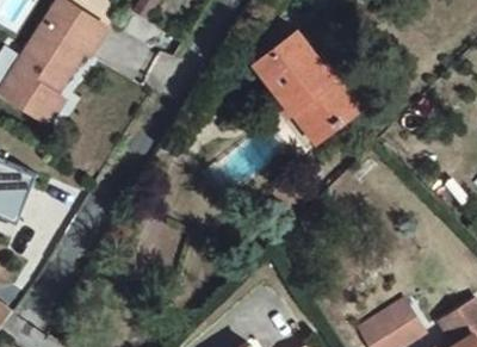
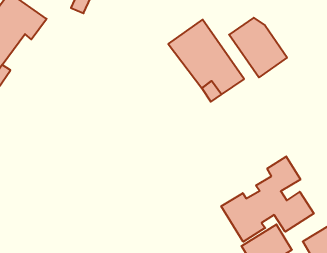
building: none -> [229,18,287,77]
building: none -> [221,156,314,242]

